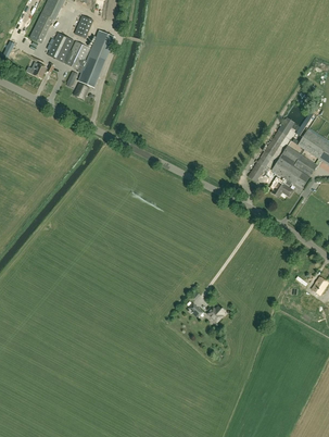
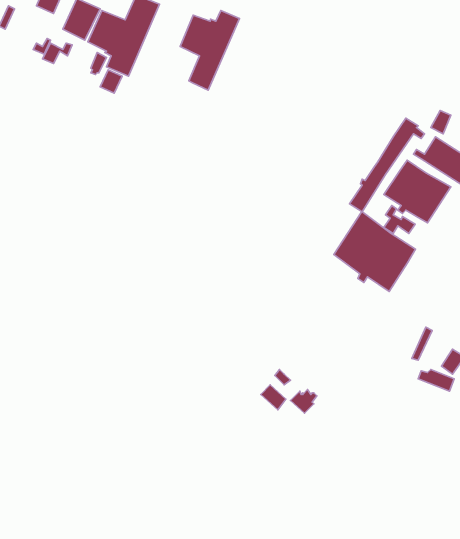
building: none -> [180,10,239,90]
building: none -> [334,212,416,291]

